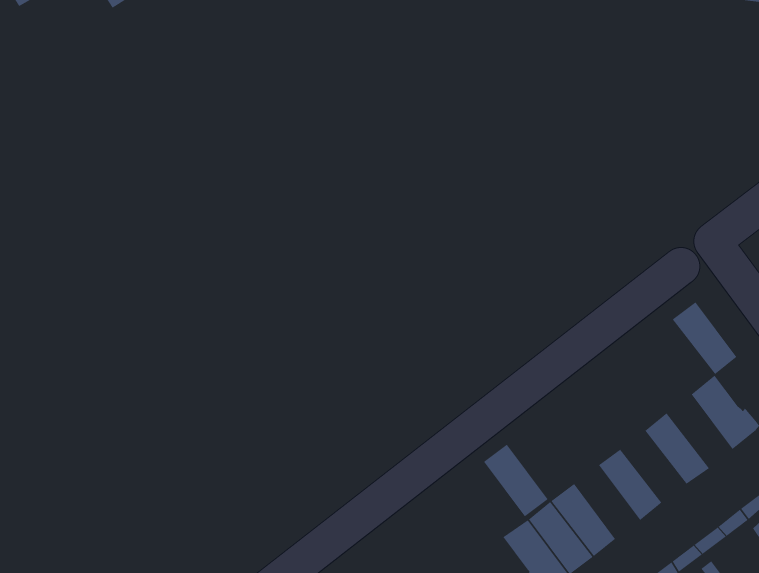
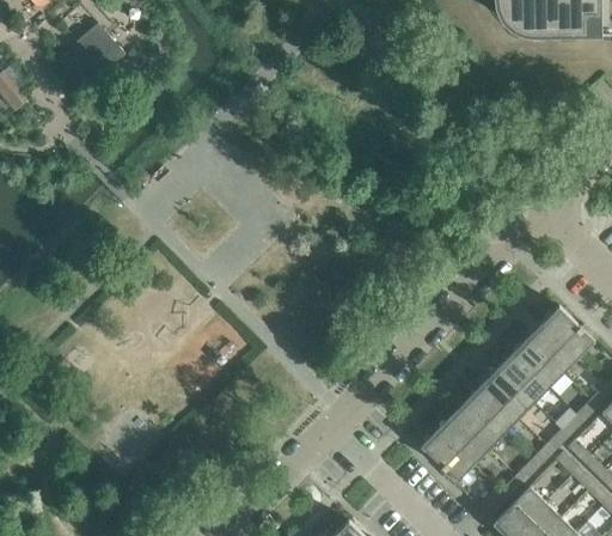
building: [672,301,737,375] -> [527,321,579,372]
building: none -> [497,352,549,402]
building: [483,444,549,517] -> [467,382,519,433]

